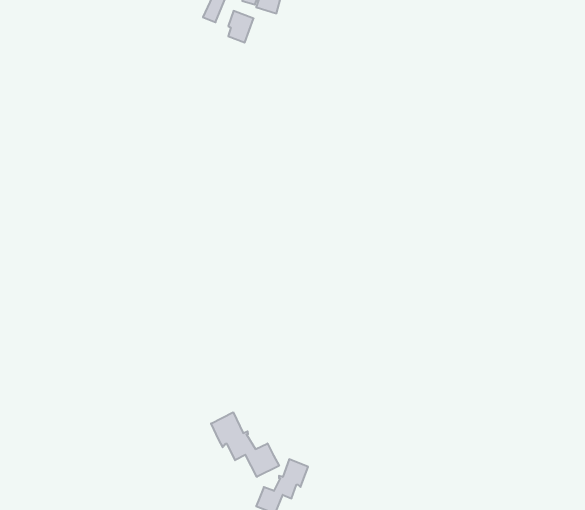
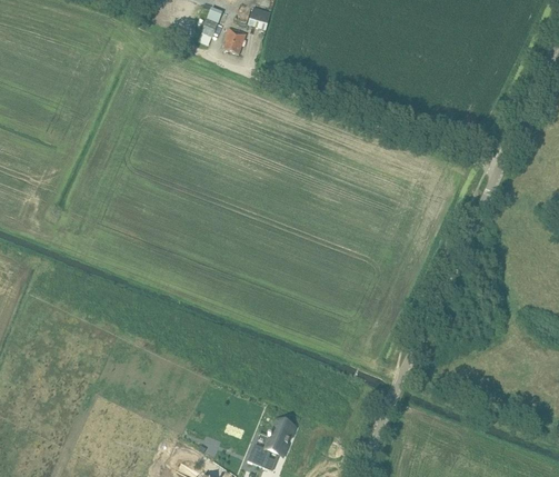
building: [211,412,279,477] -> none

